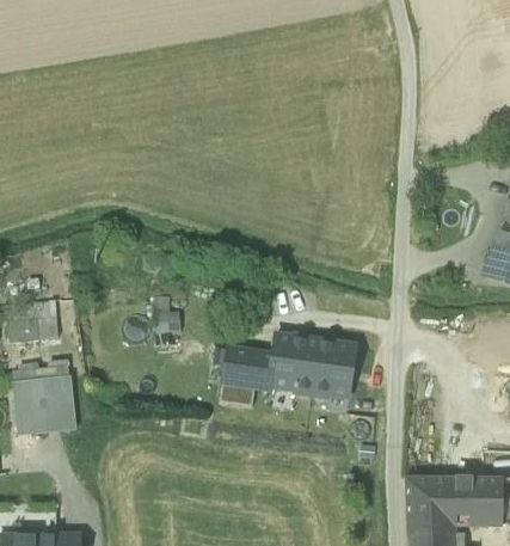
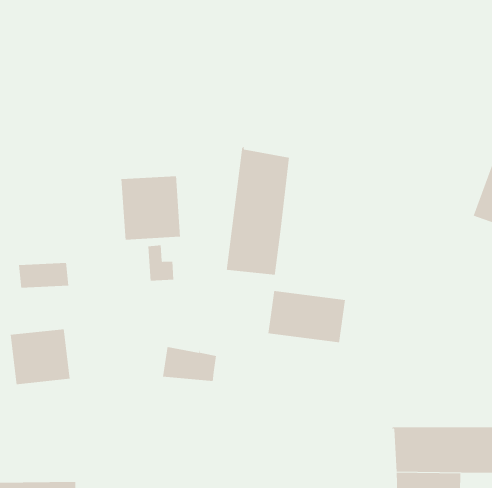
building: none -> [226,146,289,275]
building: none -> [121,175,180,240]
building: [223,356,279,392] -> [162,347,217,382]

